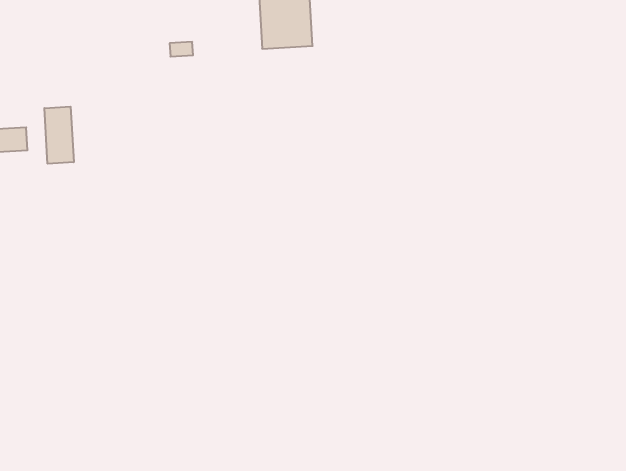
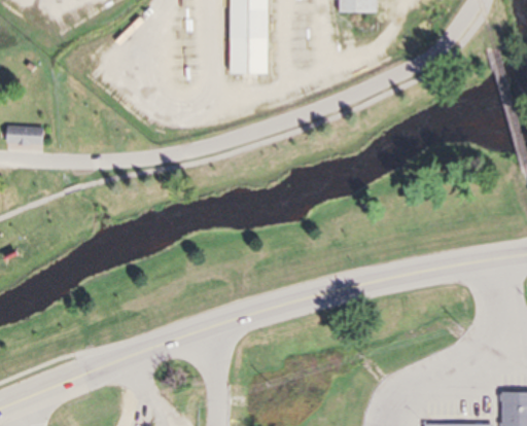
building: [44,107,74,164] -> none

